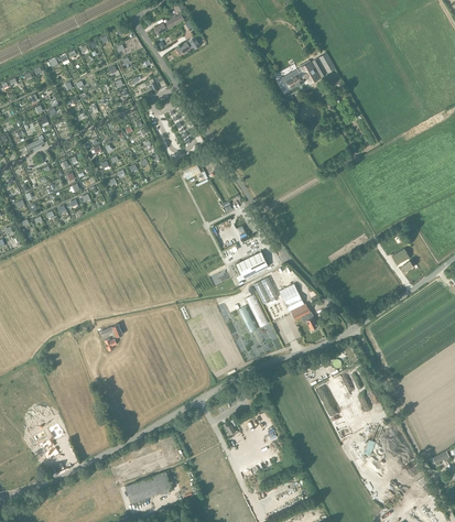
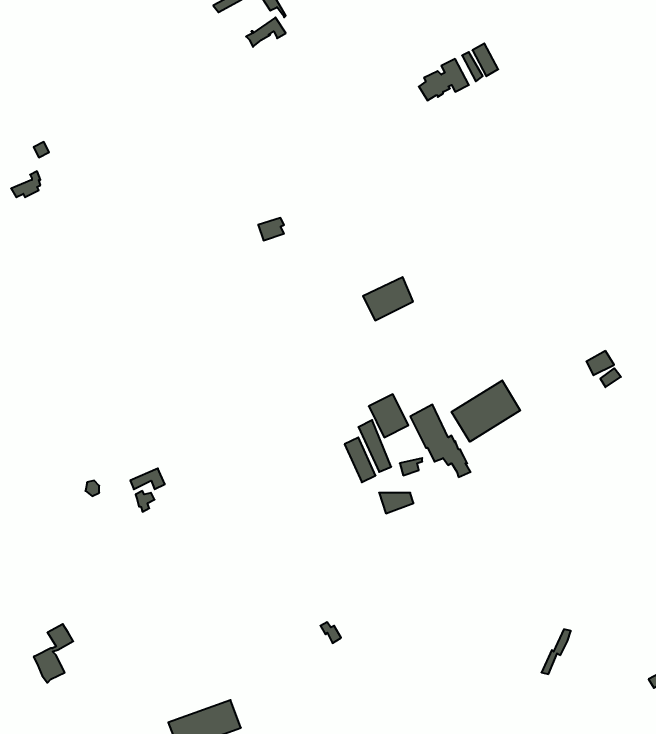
building: [237,250,269,278] -> [363,277,413,320]
building: none -> [452,380,520,442]

